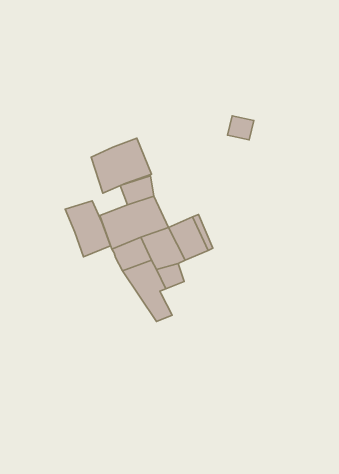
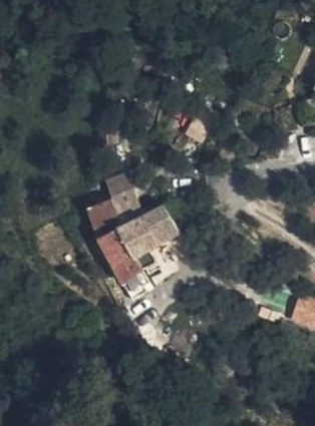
building: [91,138,152,193] -> none
building: [65,201,111,257] -> none

